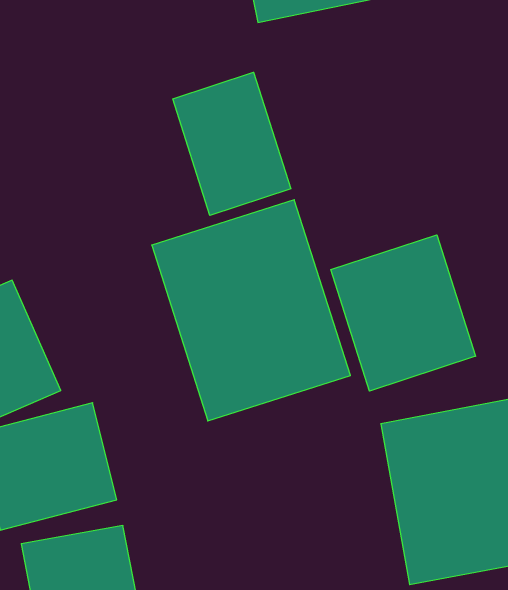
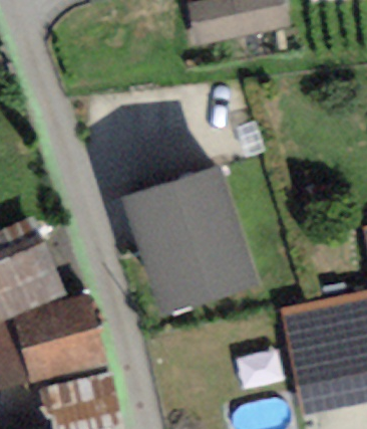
building: [173,72,291,215] -> none
building: [331,235,476,391] -> none

